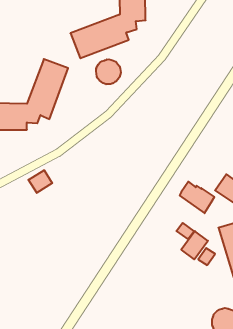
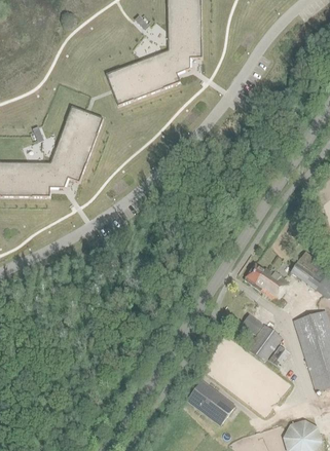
building: [96,59,121,84] -> none
building: [28,170,52,193] -> none
building: none -> [187,381,233,424]

